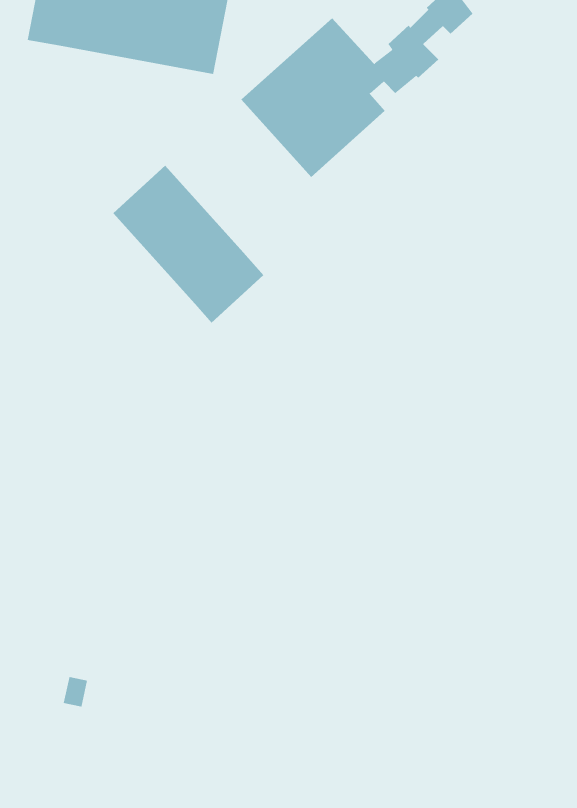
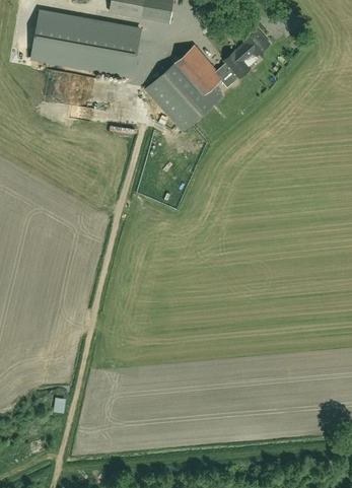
building: [113,165,264,324] -> none

